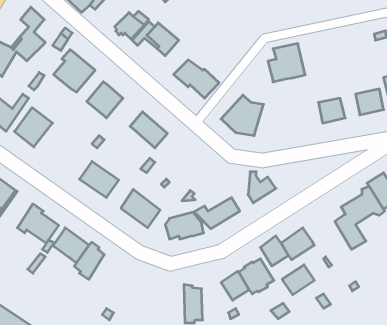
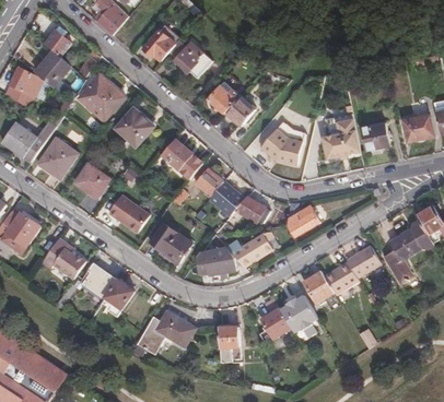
building: [268,44,305,82] -> [319,120,359,161]
building: none -> [74,163,108,197]
building: none -> [196,169,269,225]
building: [282,265,314,295] -> [343,245,377,276]
building: none -> [138,309,199,354]

